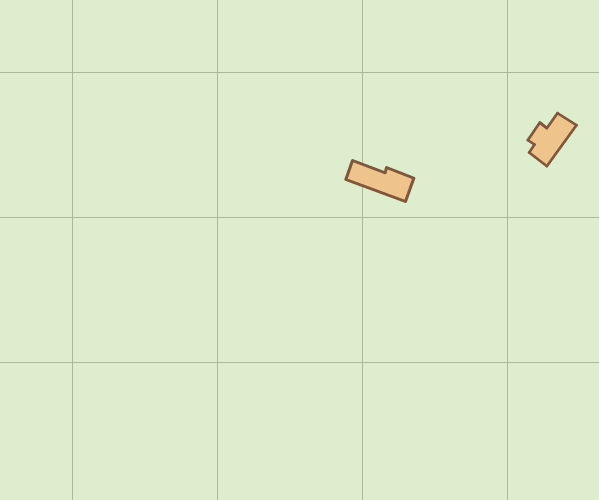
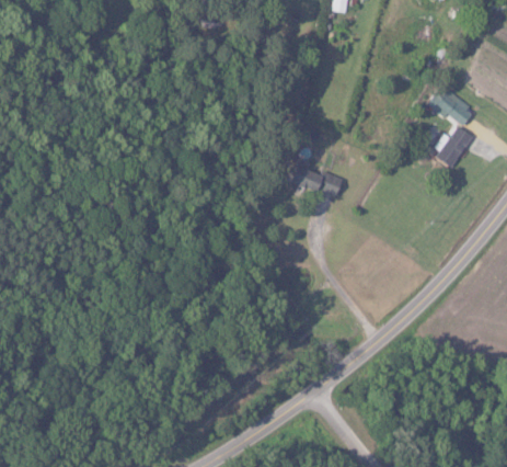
building: none -> [429,87,474,125]

